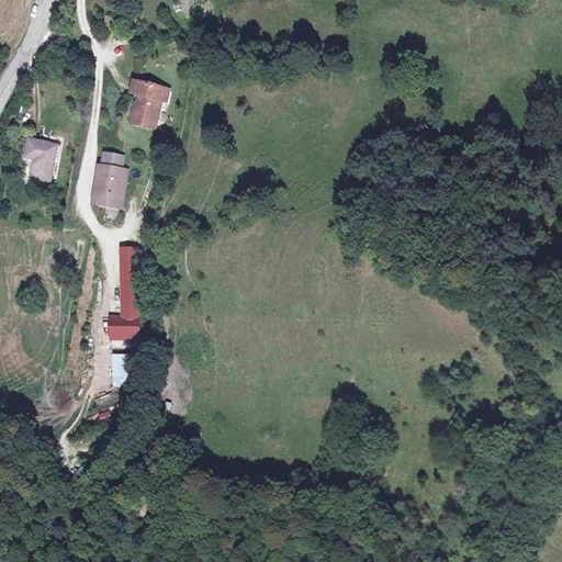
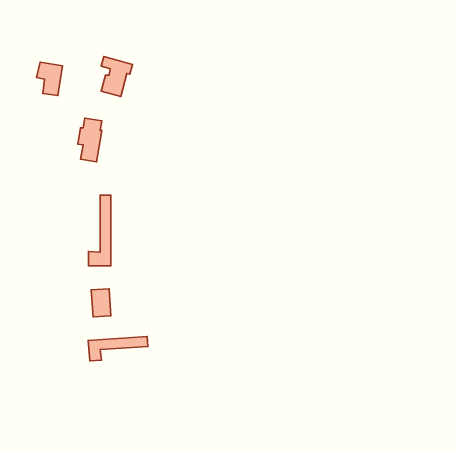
building: [24,137,56,178] -> [36,62,62,95]
building: none -> [88,337,148,361]

